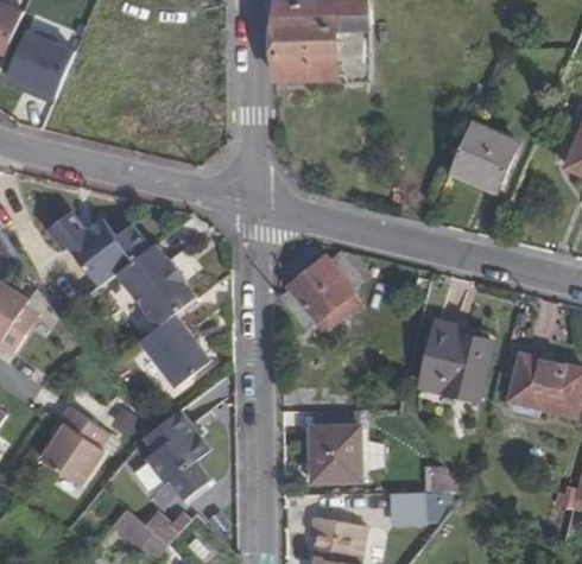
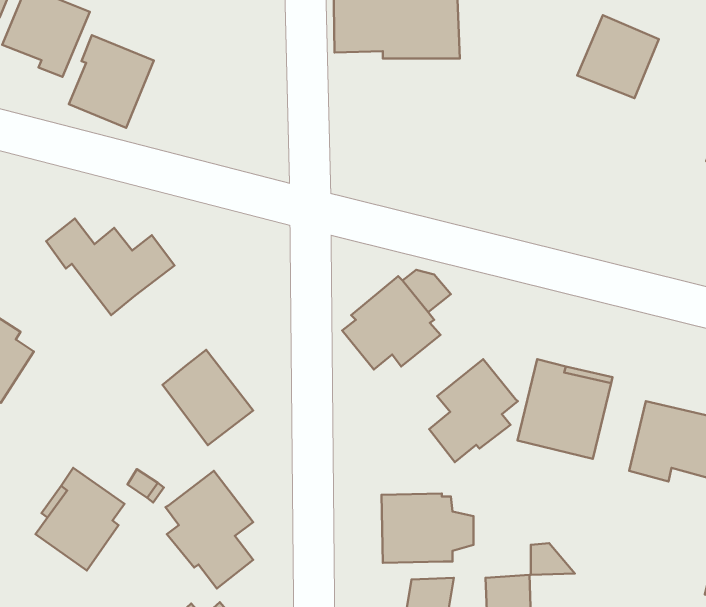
building: none -> [69,35,154,128]
building: [449,126,513,191] -> [577,15,659,98]
building: [116,242,194,325] -> none
building: none -> [429,359,518,462]

